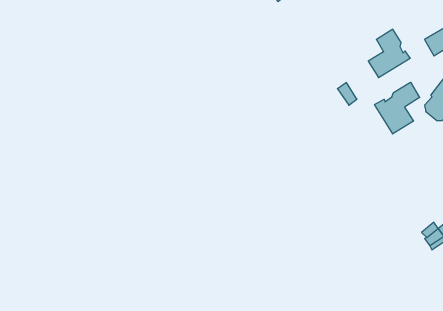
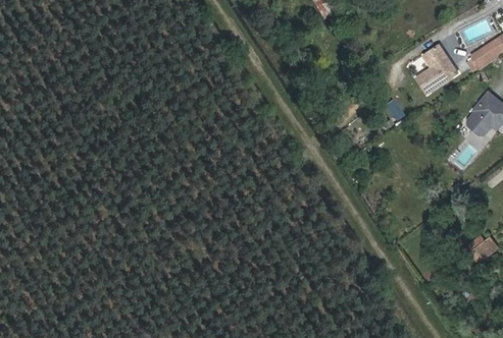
building: [375,82,420,134] -> none

